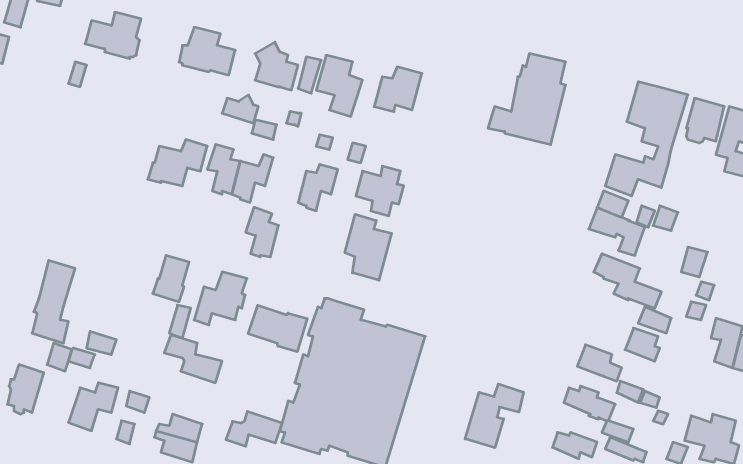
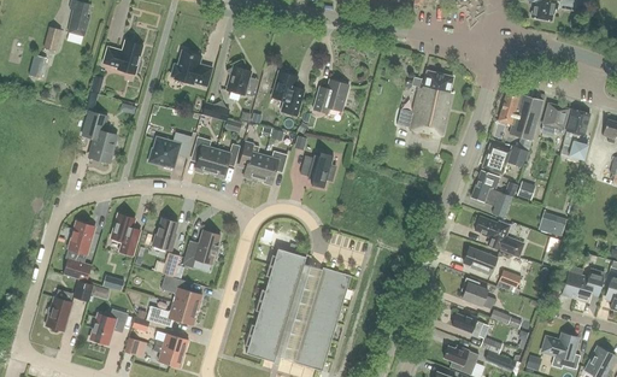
building: none -> [82,111,116,161]
building: [246,207,279,257] -> [240,142,264,178]
building: [345,214,392,280] -> none
building: none -> [111,213,141,255]
building: none -> [463,247,498,275]
building: [248,305,307,352] -> none
building: [465,384,523,448] -> none
building: [226,411,282,446] -> [157,301,198,326]

